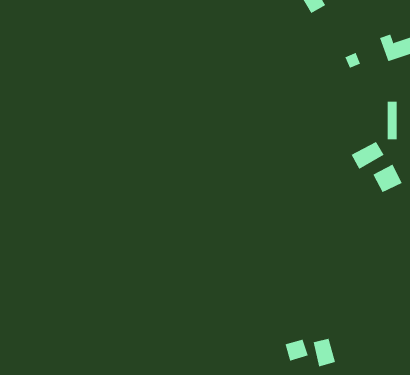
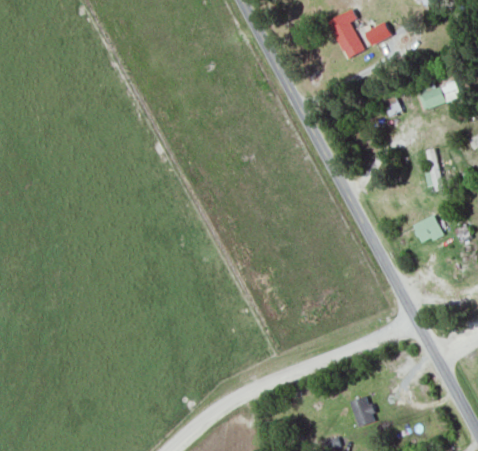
building: [351,141,385,170] -> none
building: [285,339,308,361] -> none

